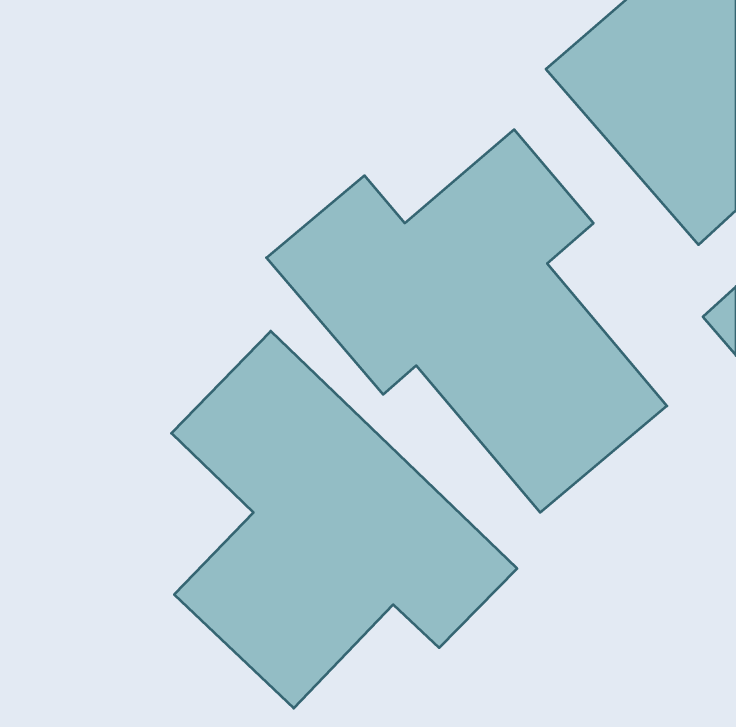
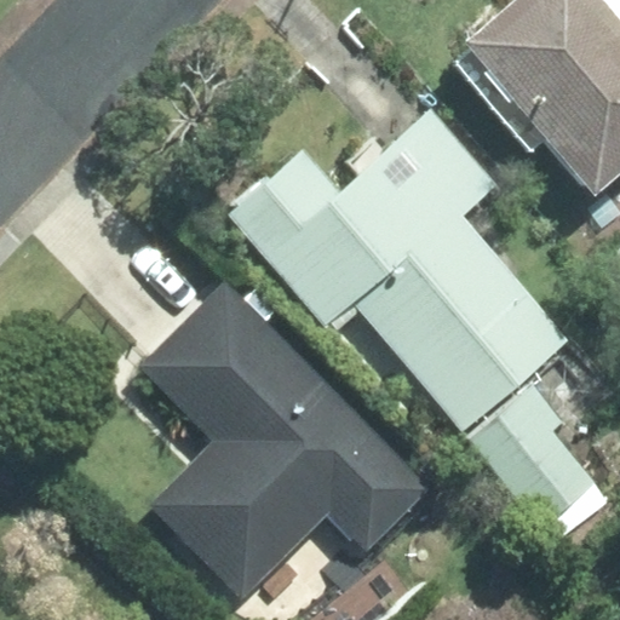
building: none -> [457,372,610,545]

